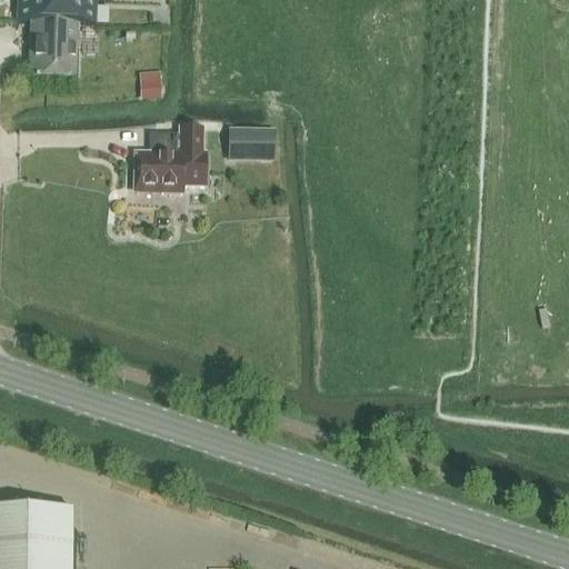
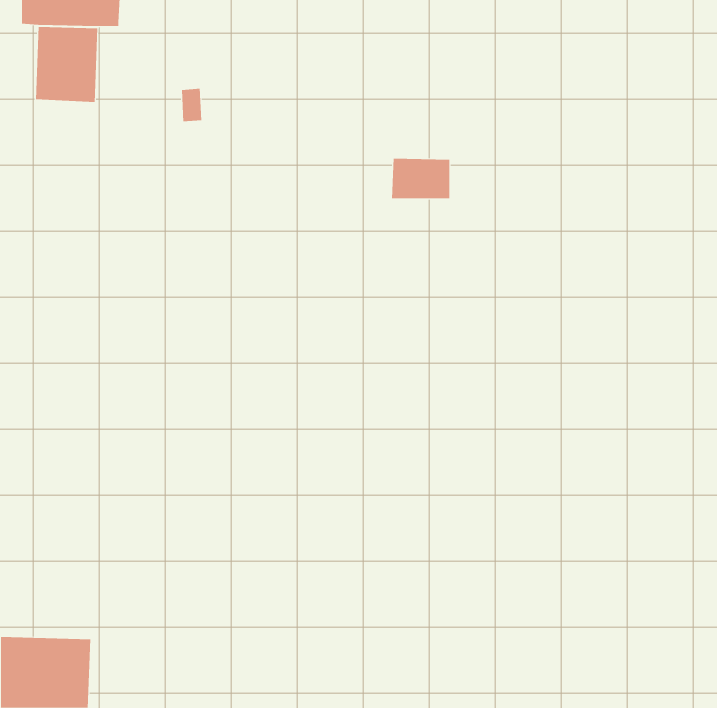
building: [139,124,204,190] -> none
building: [228,126,274,158] -> [391,158,450,199]

